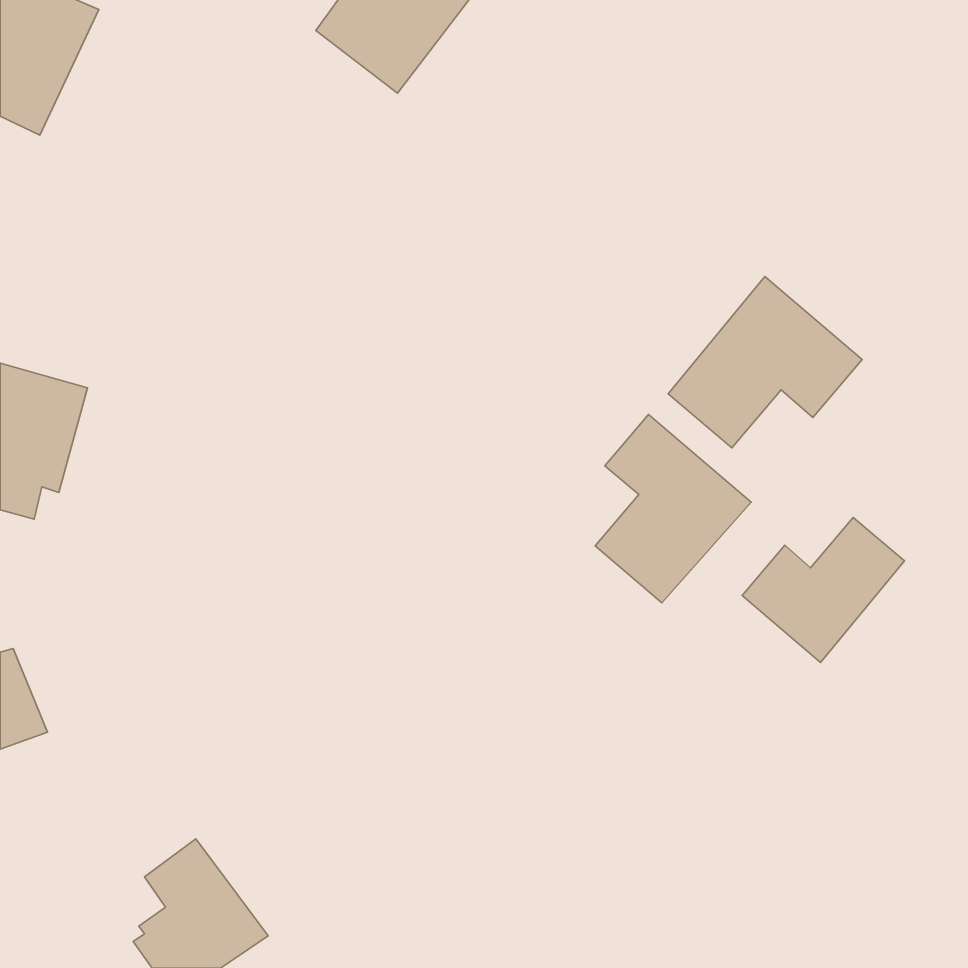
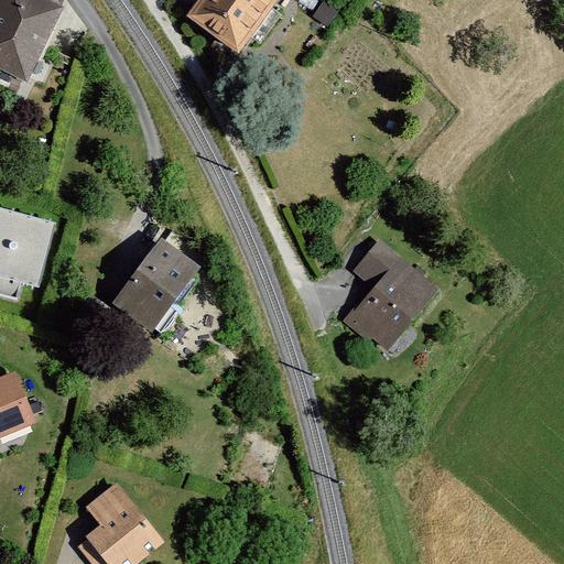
building: [668,277,862,448] -> none
building: none -> [112,239,200,332]
building: [742,518,904,662] -> none

